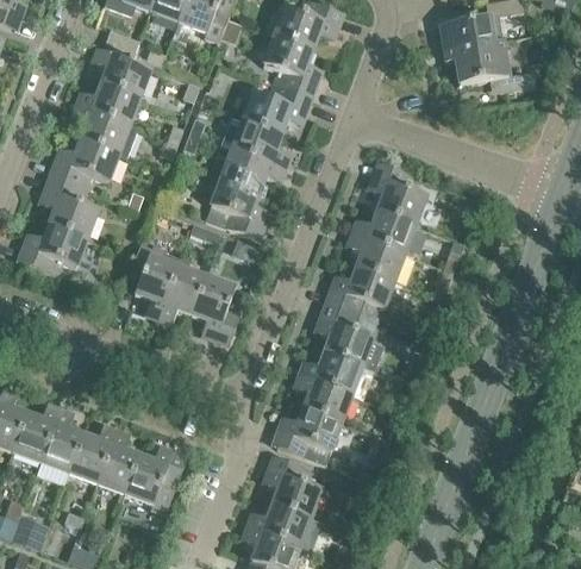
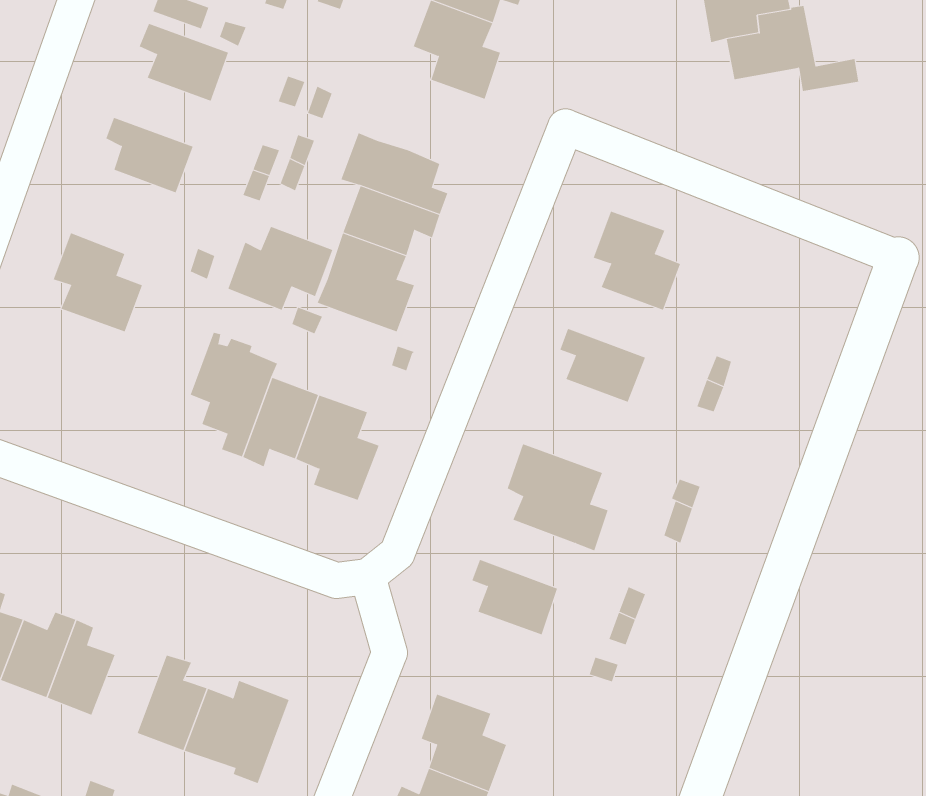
building: [81,83,140,125] -> none
building: [242,85,307,136] -> none
building: [55,139,119,190] -> [227,226,333,310]
building: [357,211,416,254] -> none
building: [23,224,88,276] -> none
building: [330,267,394,324] -> none
building: [304,352,362,394] -> none
building: [277,408,342,465] -> none
building: [68,430,113,482] -> none

